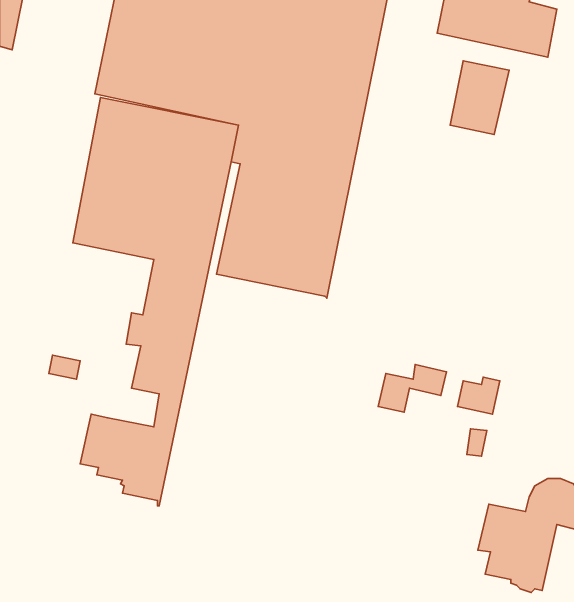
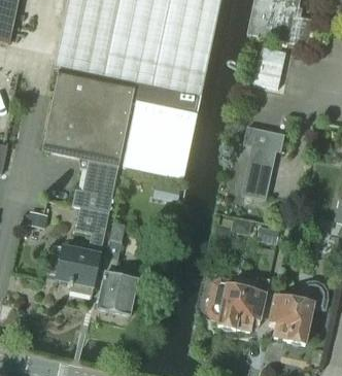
building: none -> [241,125,284,198]
building: none -> [97,220,137,313]
building: none -> [207,275,268,330]

